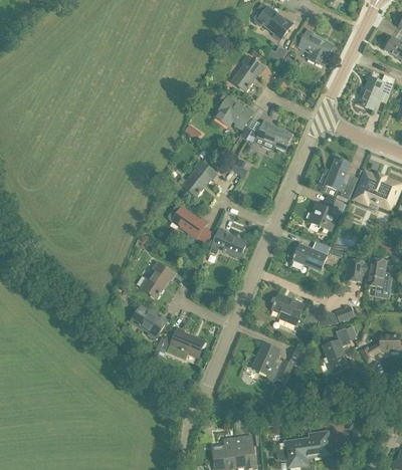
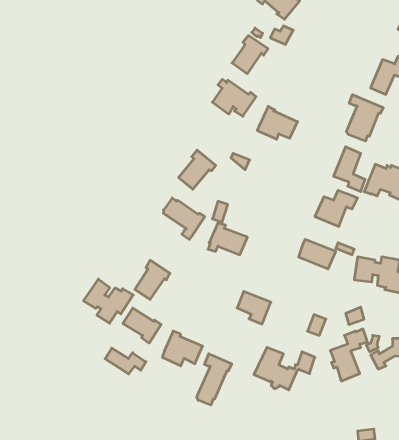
building: [297,28,333,64] -> none
building: none -> [346,95,383,141]
building: none -> [84,279,133,323]
building: [271,293,303,323] -> [237,291,271,324]
building: none -> [105,348,146,374]
building: none -> [197,354,232,405]

